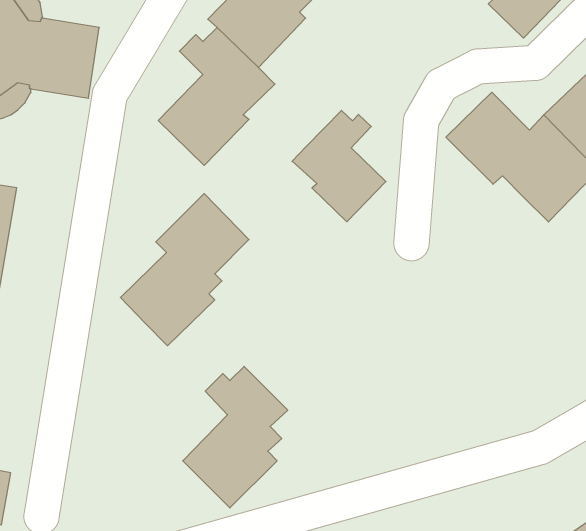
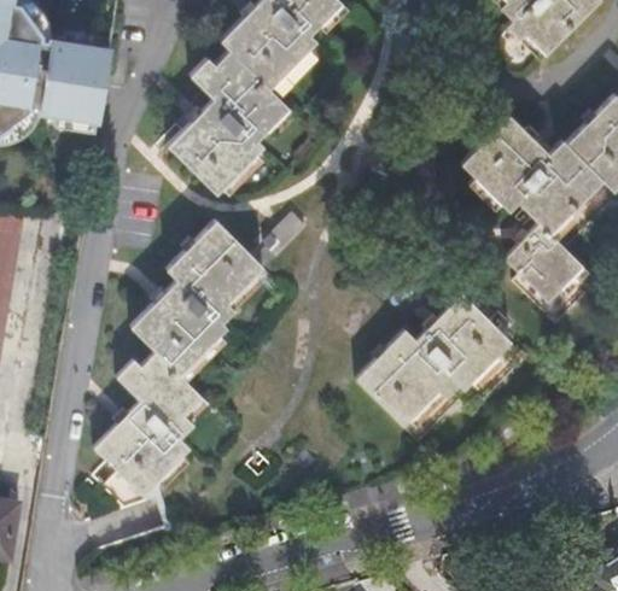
building: [292,110,386,222] -> none
building: none -> [507,222,601,323]
building: none -> [355,292,529,441]
building: [183,366,288,508] -> [93,351,200,496]

